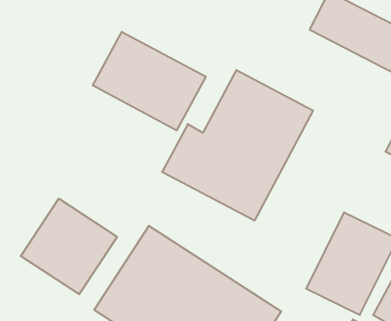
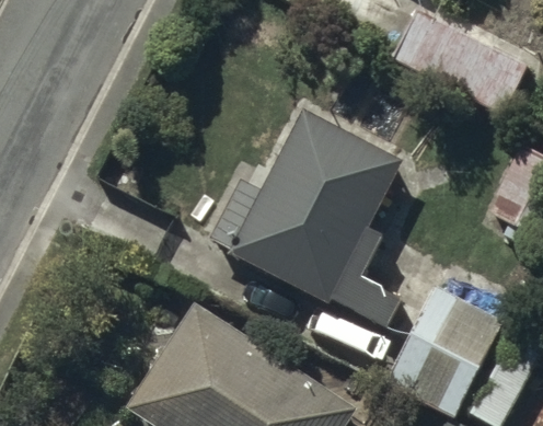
building: [93,32,206,130] -> none
building: [21,199,117,294] -> none

